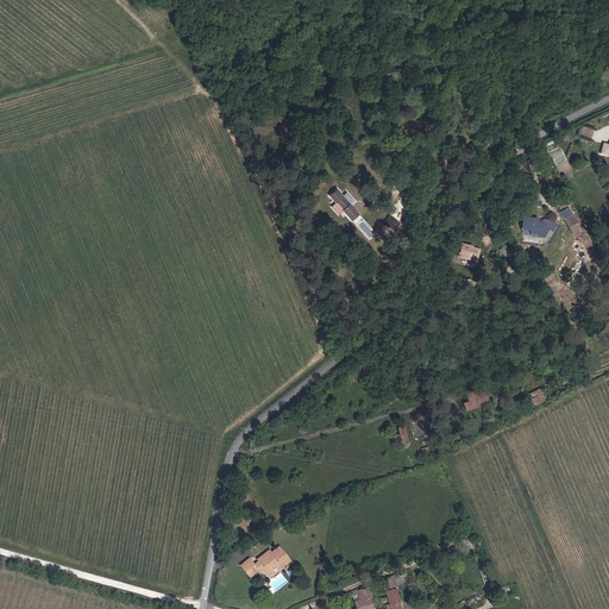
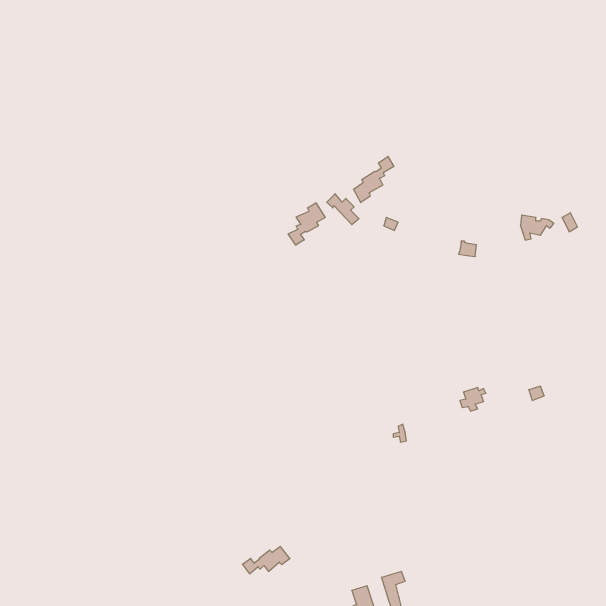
building: none -> [354,156,394,203]
building: none -> [288,203,325,245]

